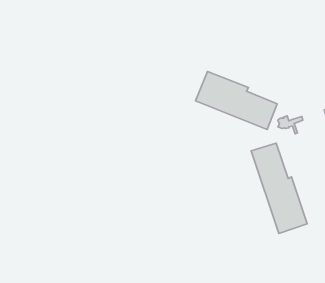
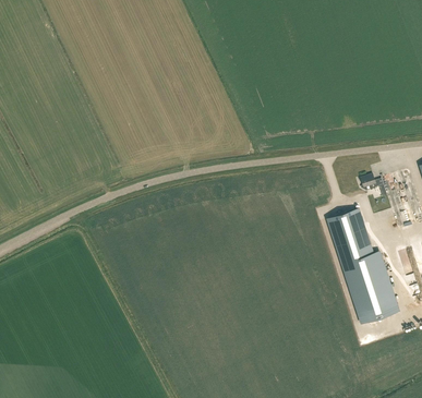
building: [196,72,277,130] -> none

